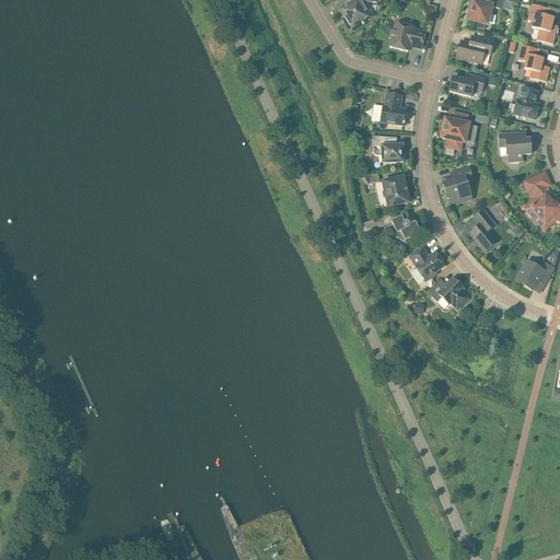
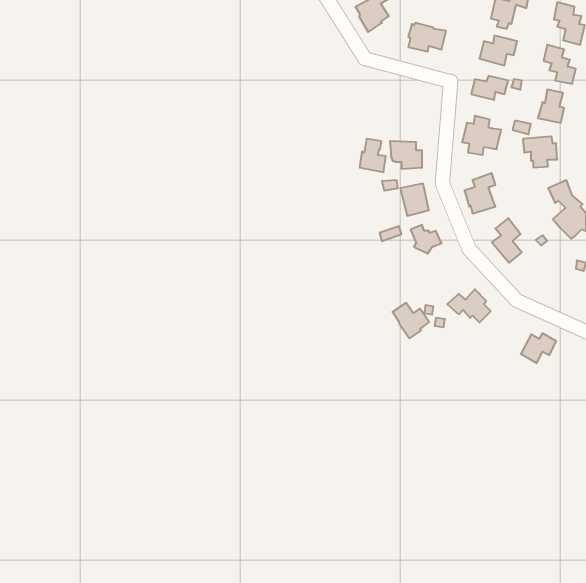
building: [381,92,406,124] -> [360,139,386,172]
building: [409,245,444,279] -> [392,303,429,338]
building: [517,259,551,288] -> [521,333,556,363]

